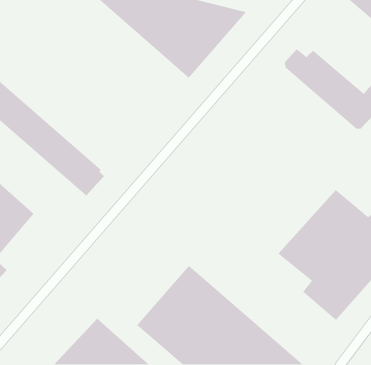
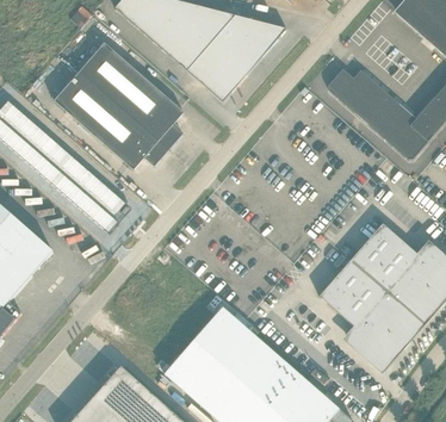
building: none -> [52,43,182,169]

